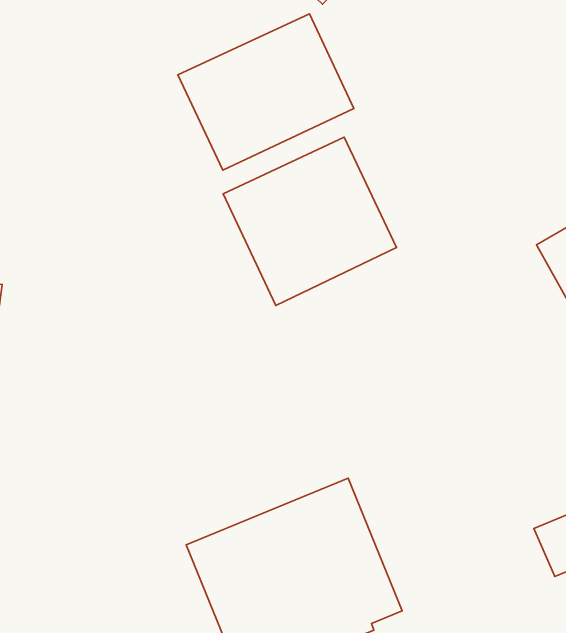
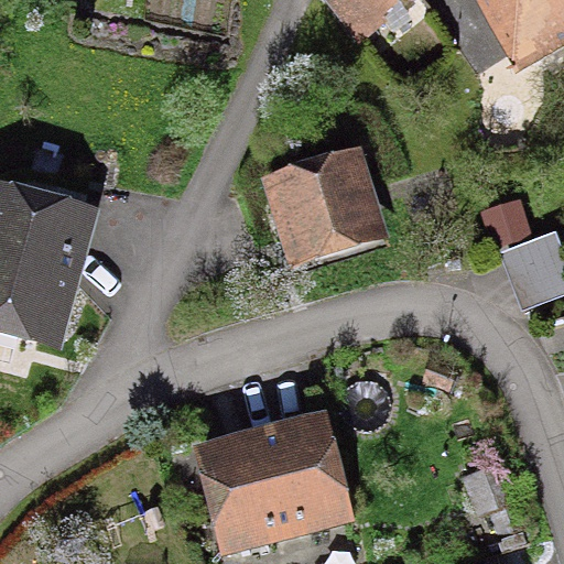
building: [178,14,354,170] -> none

